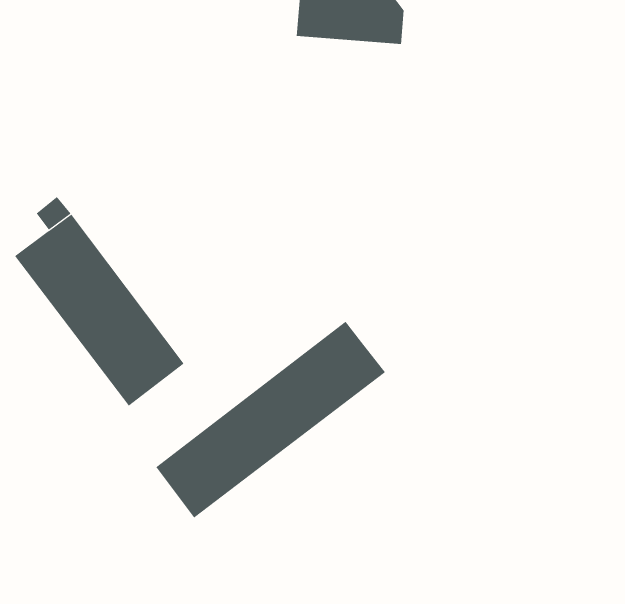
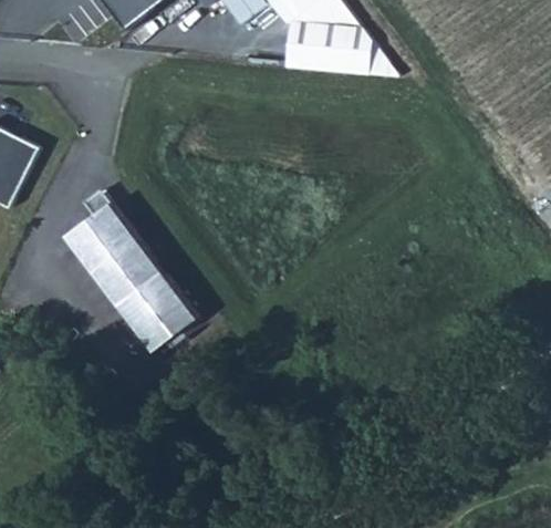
building: [155,321,386,519] -> none

